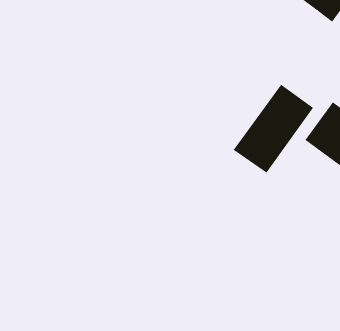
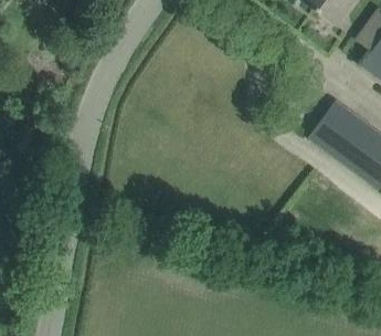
building: [233,84,314,174] -> none

